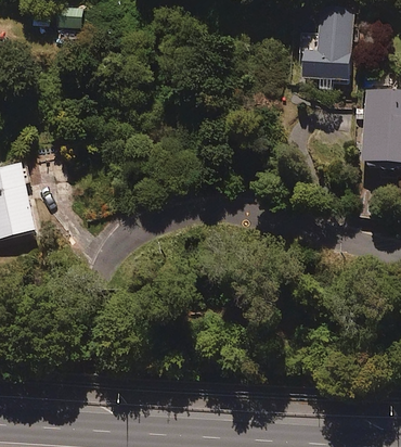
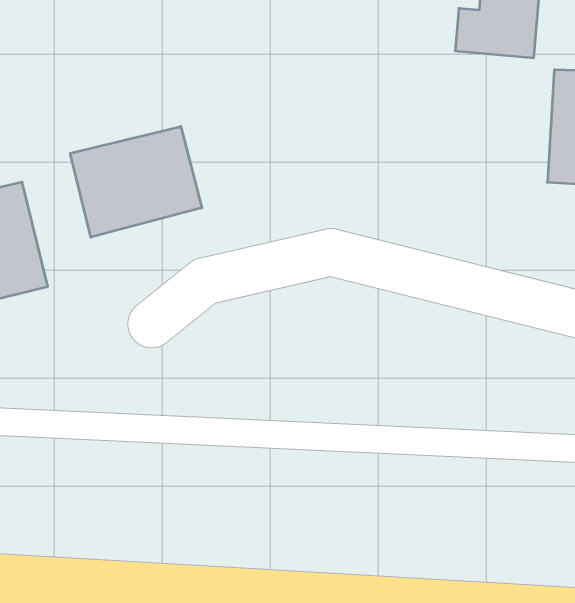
building: none -> [70,126,202,237]

